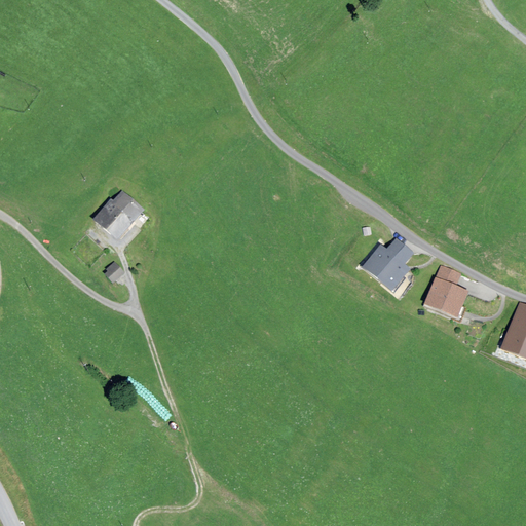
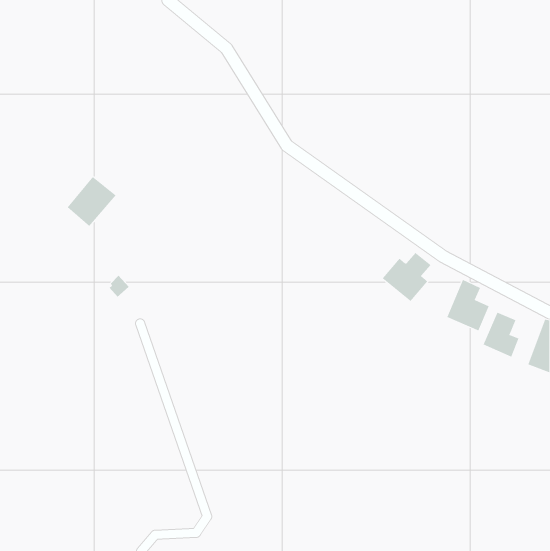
building: [96,190,143,238] -> [67,176,116,227]
building: none -> [483,312,519,358]

